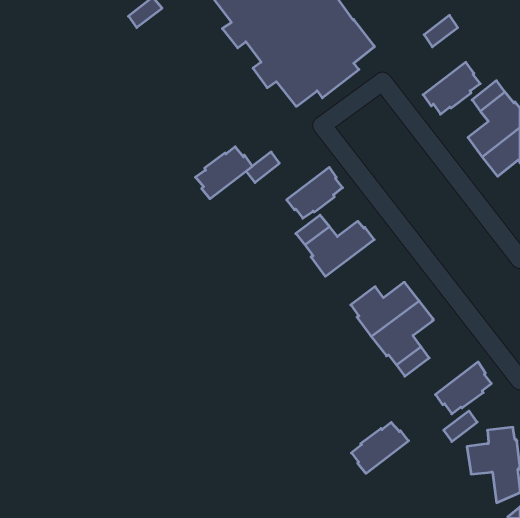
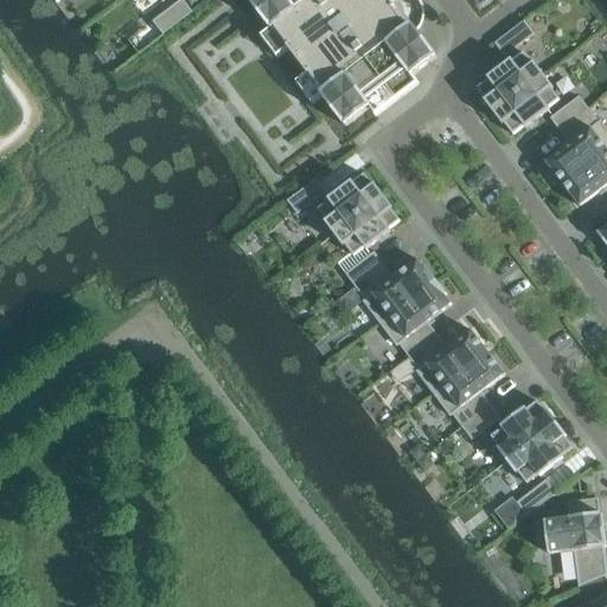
building: none -> [477,51,542,110]
building: [195,147,253,199] -> [317,172,383,232]
building: none -> [378,279,451,354]
building: [351,422,409,473] -> [490,400,556,459]

